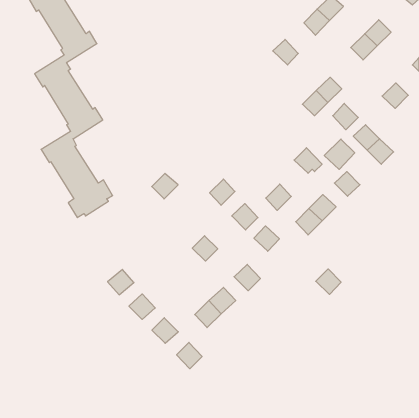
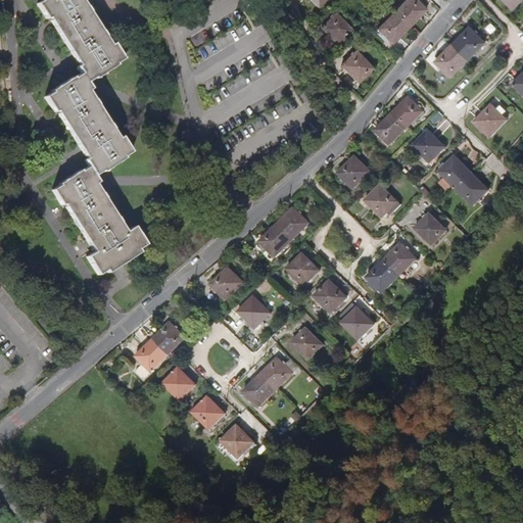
building: none -> [321,12,352,44]
building: none -> [338,154,371,187]
building: [324,139,355,169] -> none
building: [152,173,178,199] -> [208,263,241,294]
building: [266,184,291,210] -> [278,205,310,238]
building: none -> [152,320,184,351]
building: [316,269,341,294] -> [342,307,374,339]

